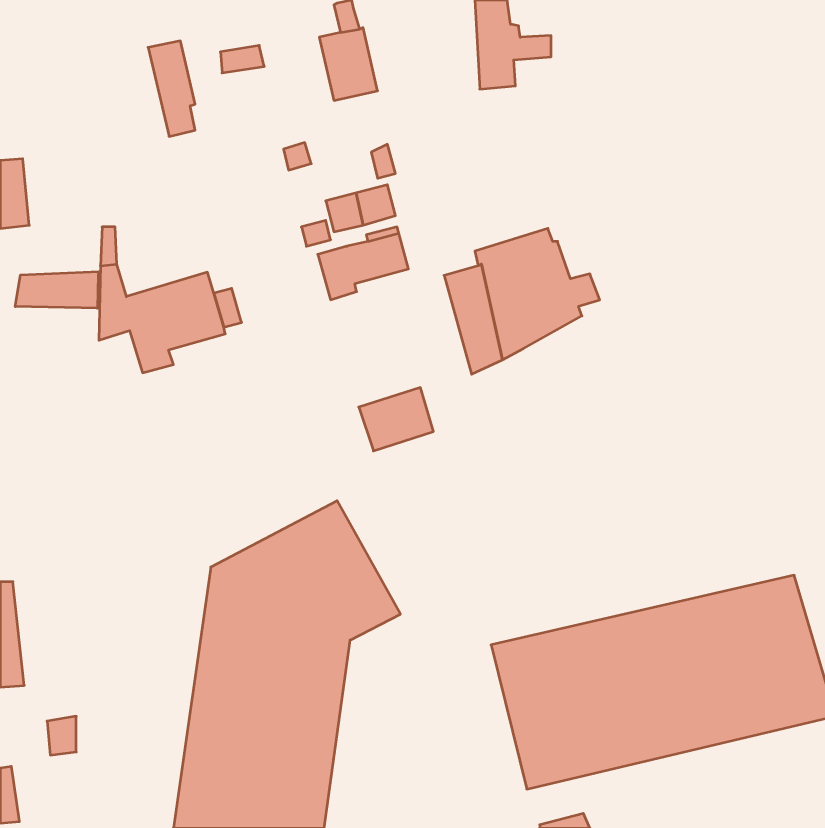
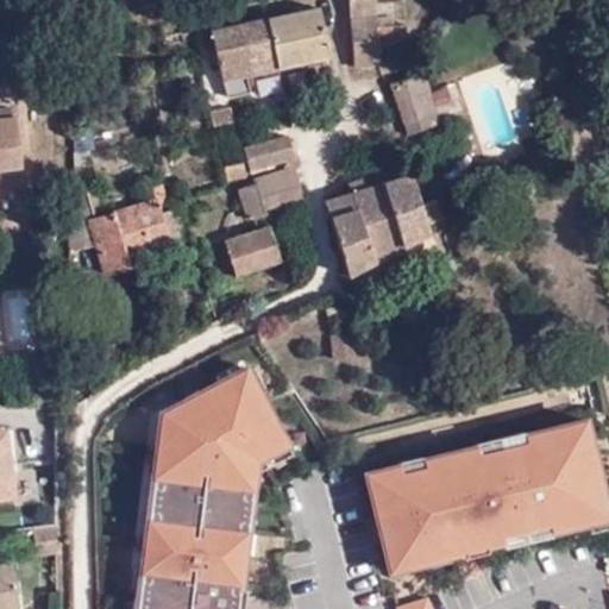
building: none -> [269,10,331,67]
building: [148,41,195,136] -> [213,27,247,98]
building: none -> [390,74,439,133]
building: [15,272,99,308] -> none
building: [359,388,433,451] -> [226,230,281,276]

